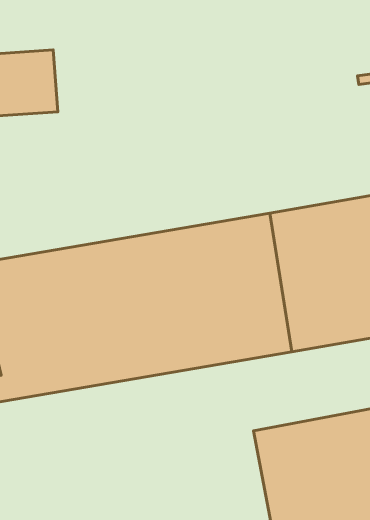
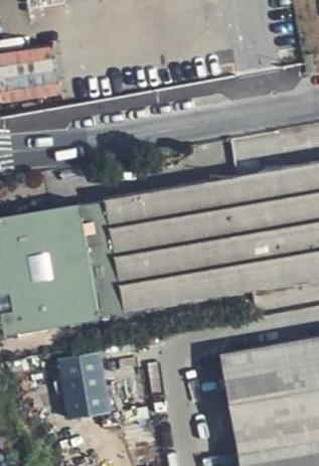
building: none -> [61,350,113,416]

